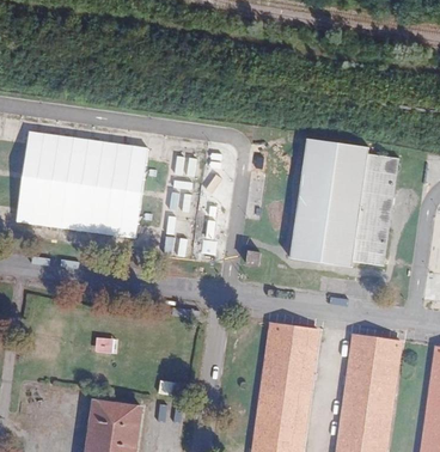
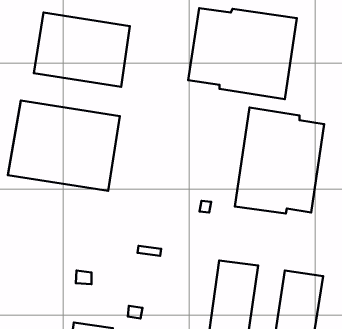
building: none -> [188,8,297,99]
building: none -> [34,12,130,87]

